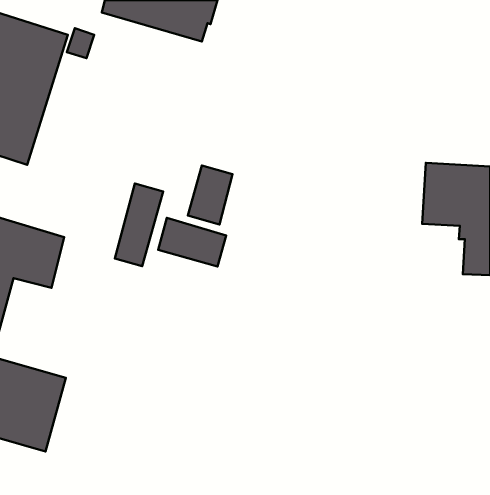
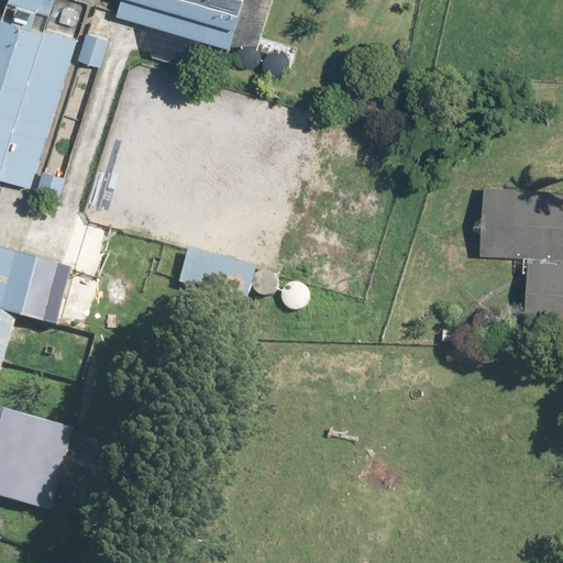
building: [188,166,233,224] -> none
building: [115,184,163,266] -> none

